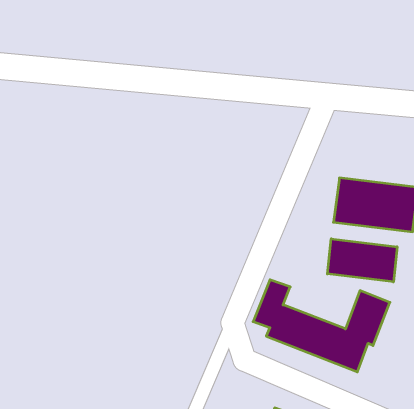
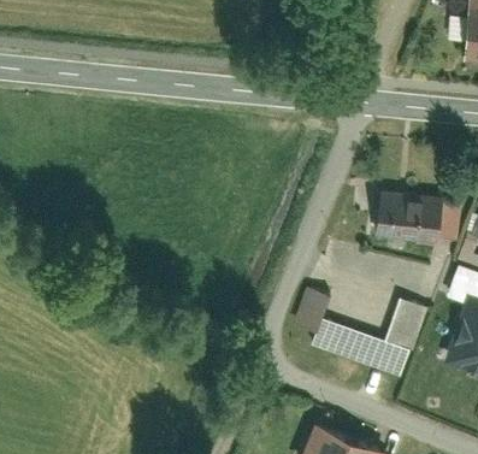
building: [327,239,397,282] -> none

